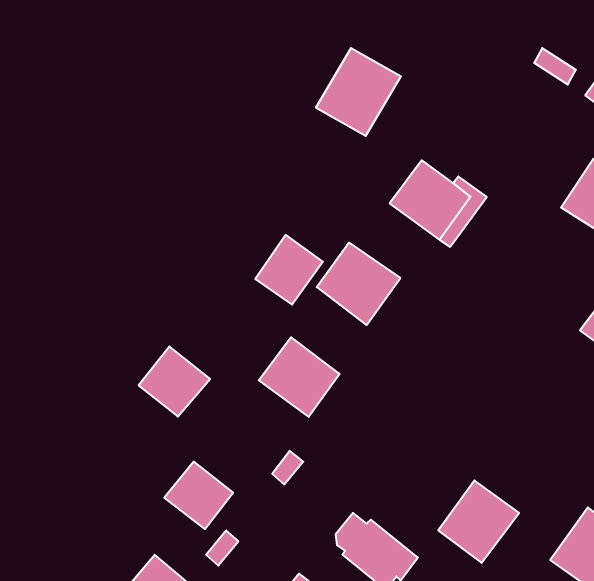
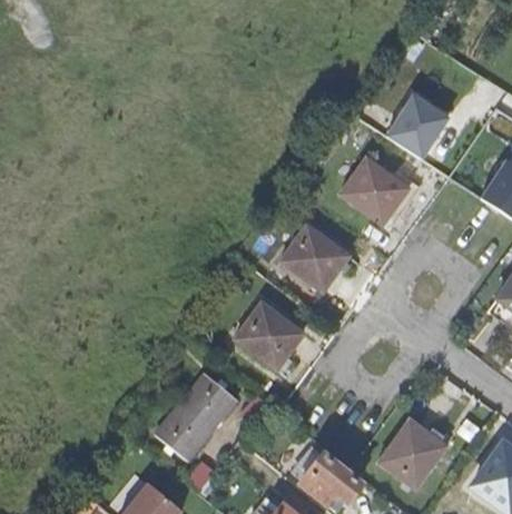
building: [316,48,401,136] -> [384,85,454,157]
building: [255,235,323,305] -> none
building: [139,346,210,417] -> [178,373,237,431]

